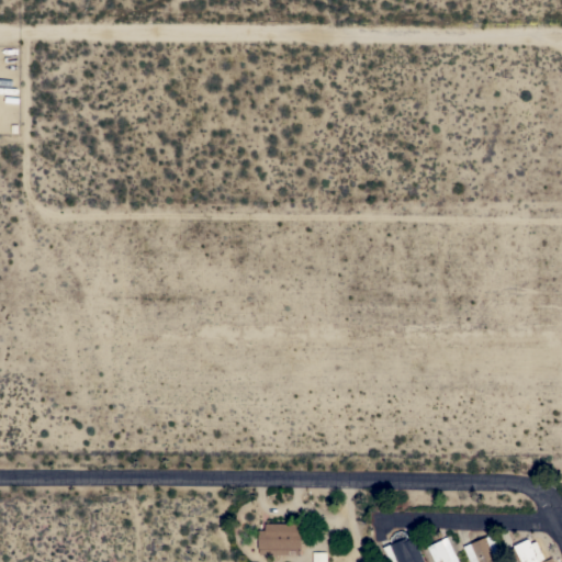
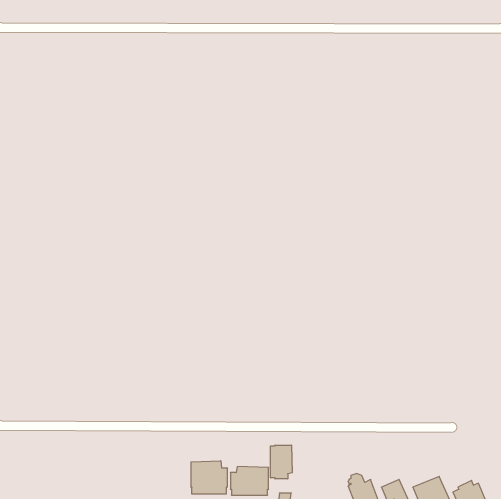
building: none -> [271,445,292,479]
building: none -> [191,461,227,494]

